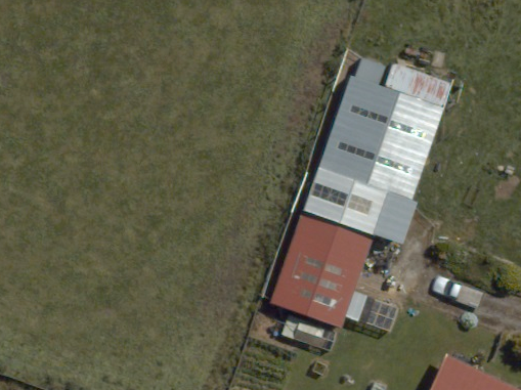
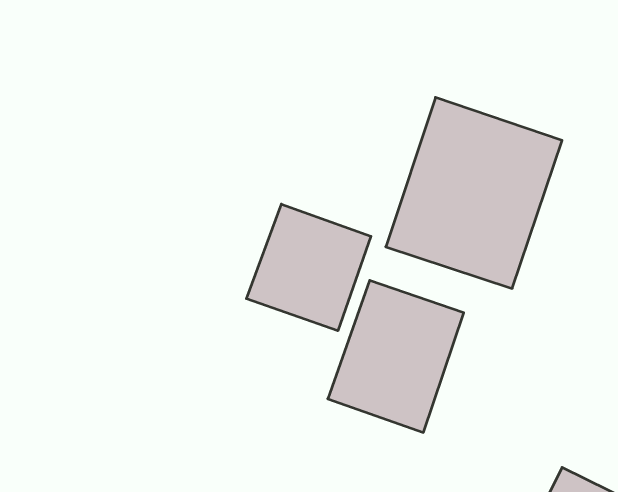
building: none -> [246,204,371,331]

